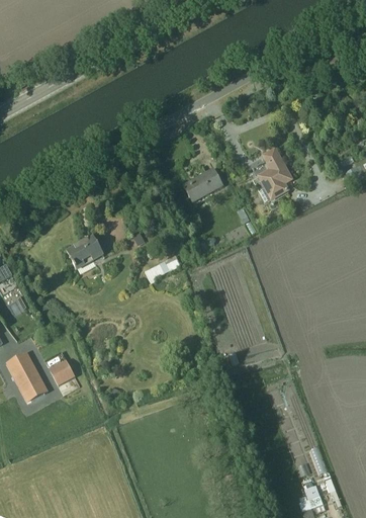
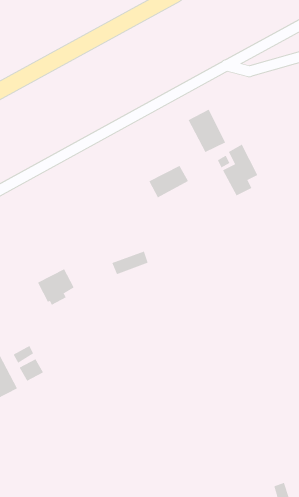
building: none -> [188,109,226,153]
building: [65,235,102,272] -> [37,268,75,306]

